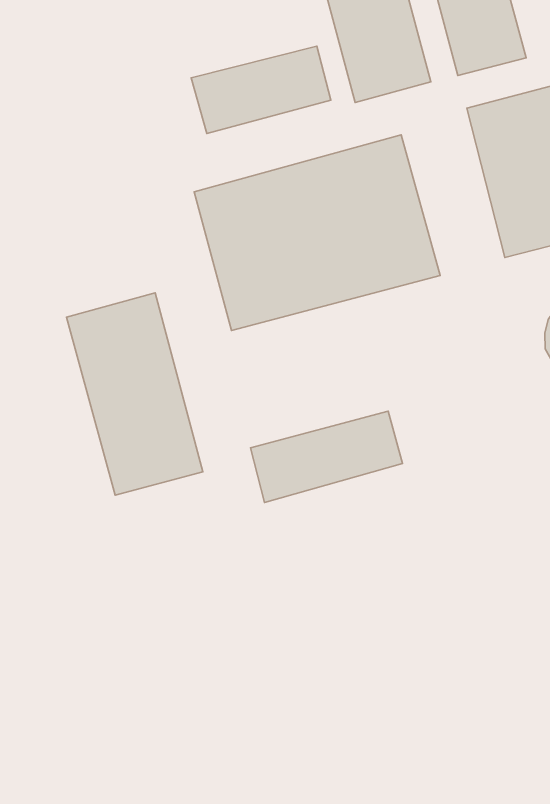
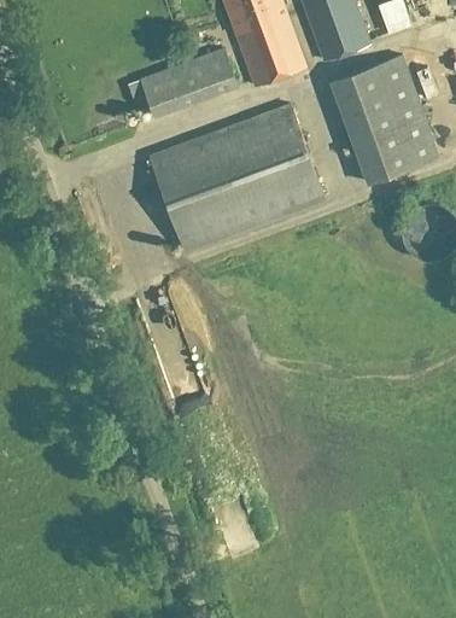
building: [66,293,203,495] -> none
building: [251,411,402,502] -> none

